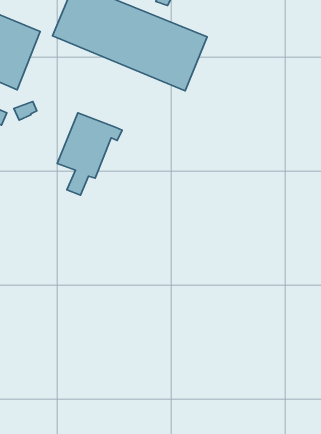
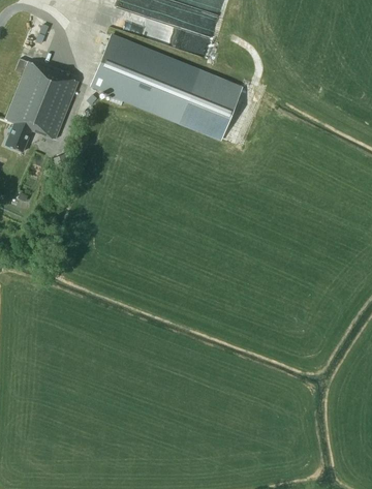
building: [57,113,122,195] -> none

